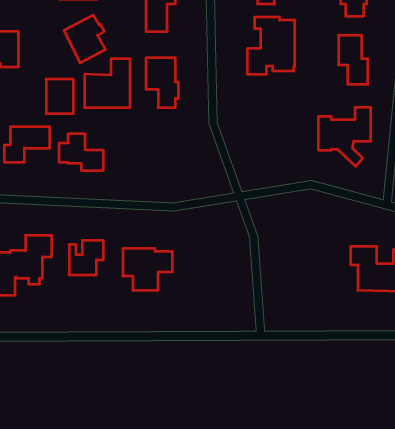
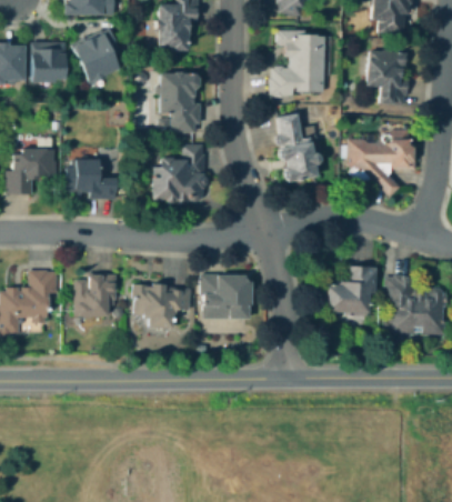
building: [85,59,130,108] -> [154,144,204,198]
building: [46,79,73,114] -> [32,44,62,82]
building: none -> [278,117,320,180]
building: none -> [329,269,371,314]
building: none -> [200,279,250,322]

